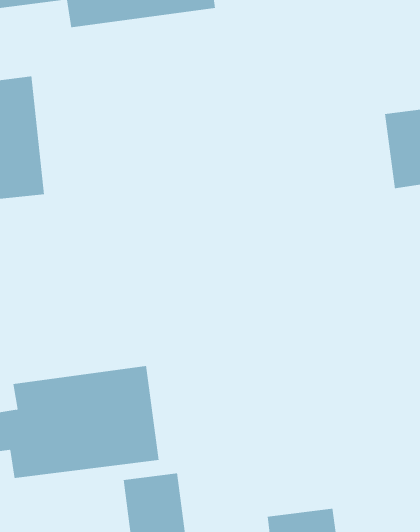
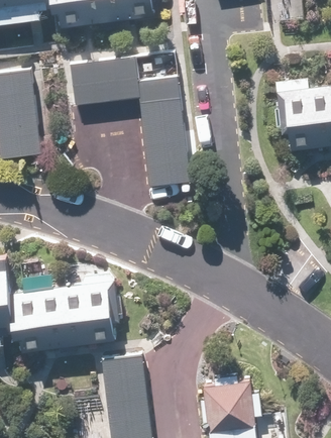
building: none -> [73,54,188,186]

